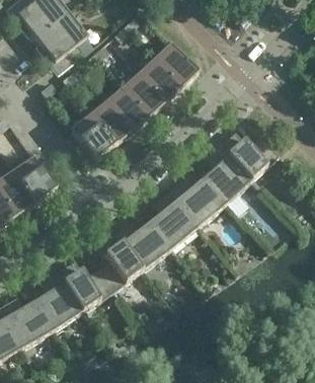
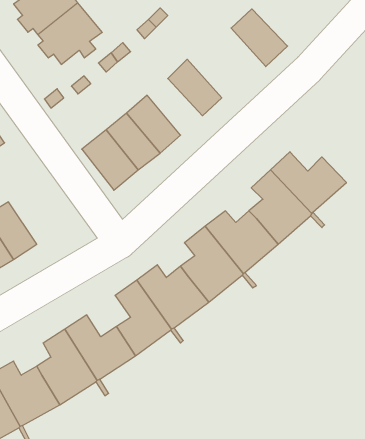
building: [152,43,196,88] -> [231,9,288,67]
building: [121,73,164,118] -> none
building: [11,156,54,204] -> none

